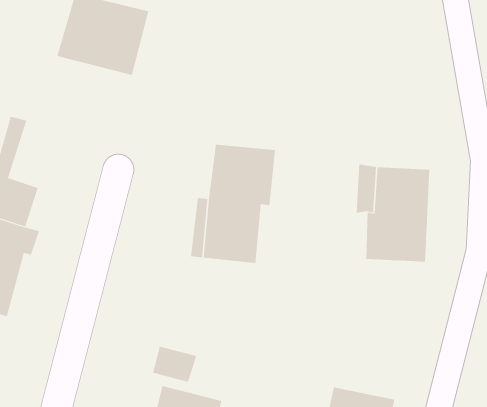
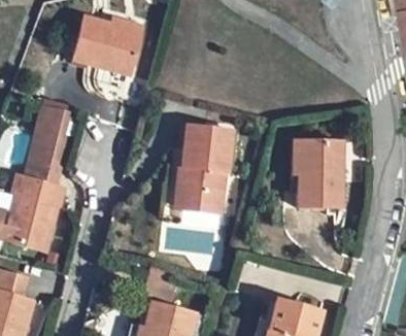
building: none -> [38,106,73,156]

